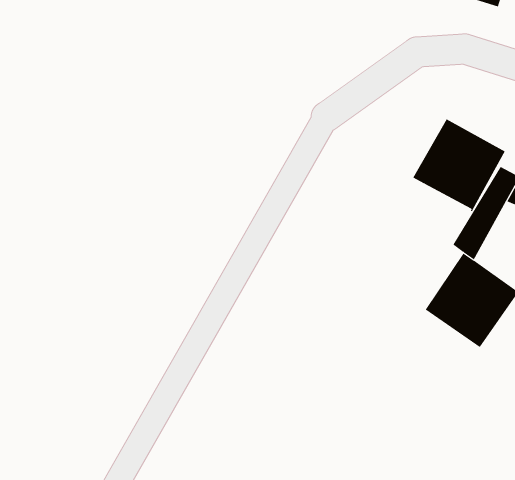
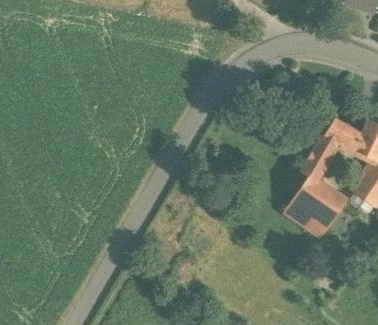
building: [413,118,506,212] -> none

